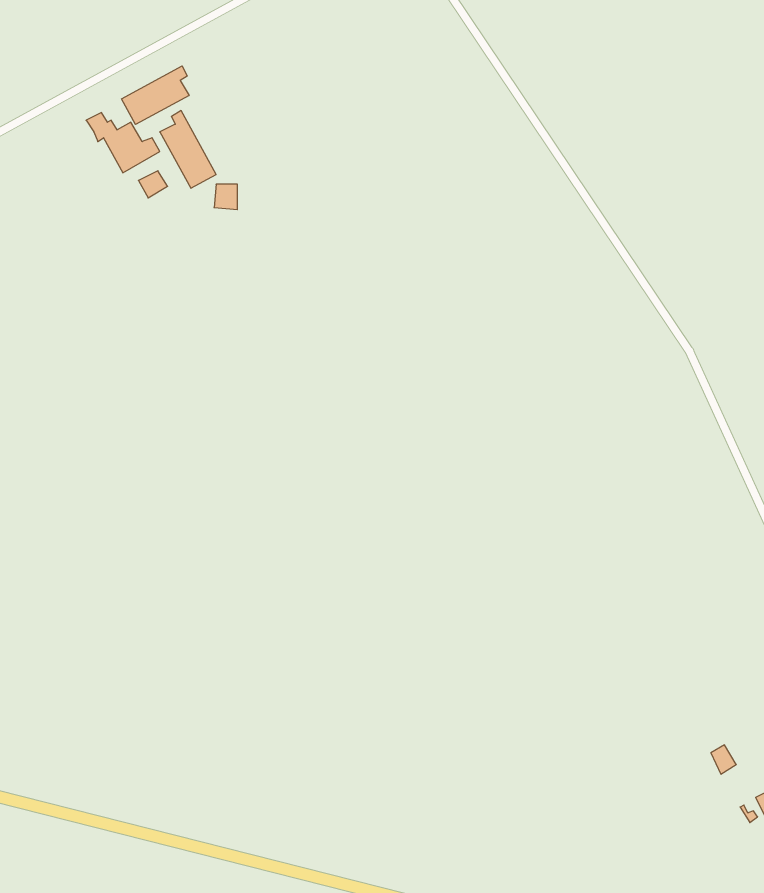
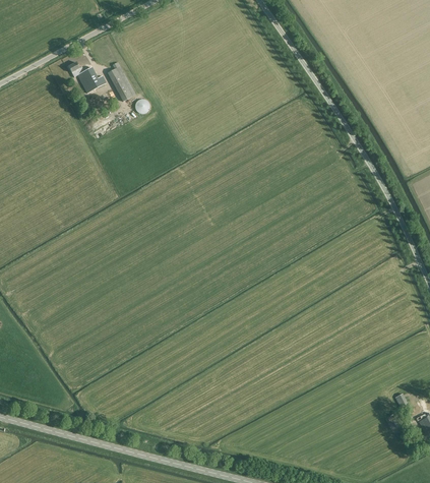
building: [122,66,189,124] -> none

